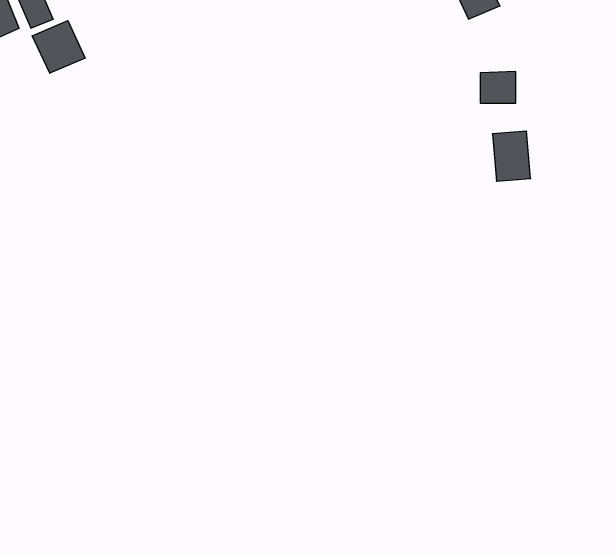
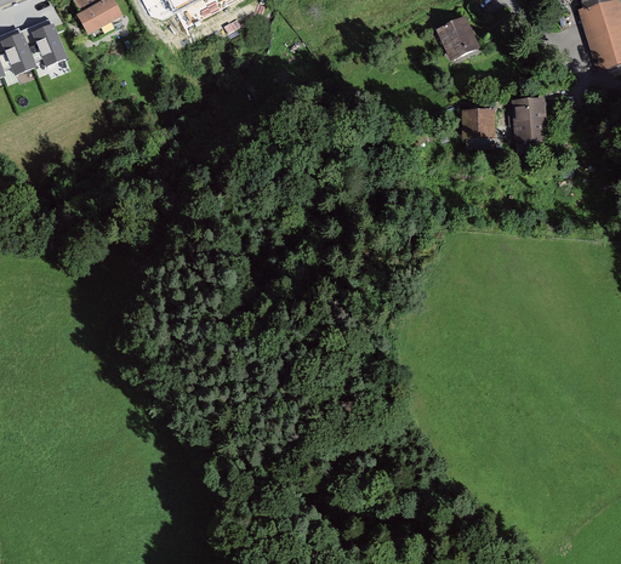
building: [32,21,85,73] -> none
building: [492,131,531,181] -> [513,93,548,139]

